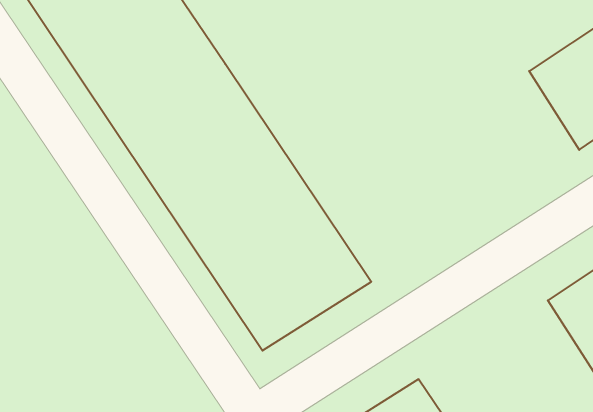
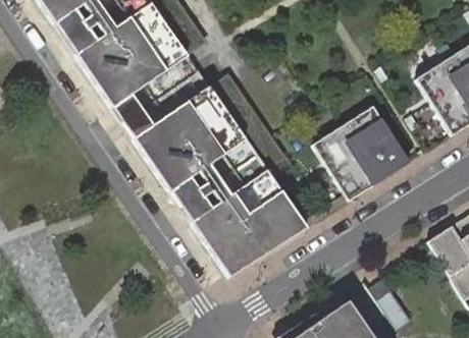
building: none -> [317,106,413,200]

